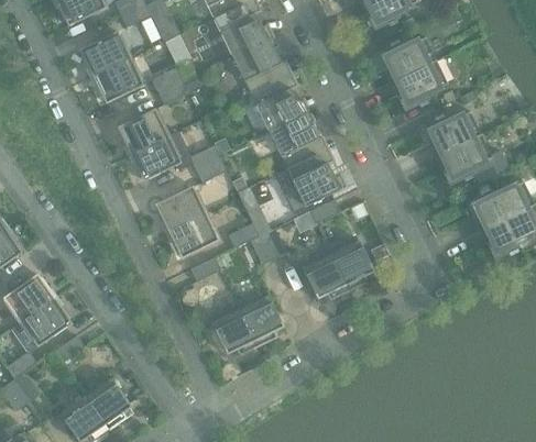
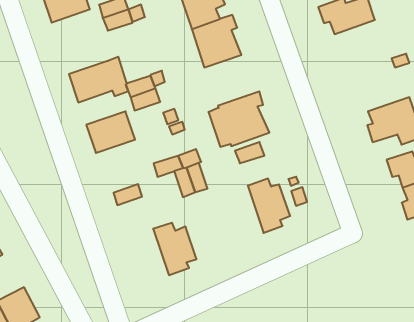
building: [395,59,447,111] -> none
building: [116,108,167,154] -> none
building: [266,110,317,167] -> none
building: [420,111,480,154] -> none
building: [166,212,218,258] -> none
building: [300,245,348,300] -> none
building: [210,301,256,355] -> none

